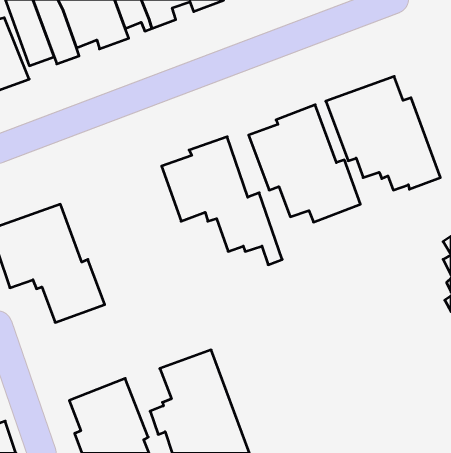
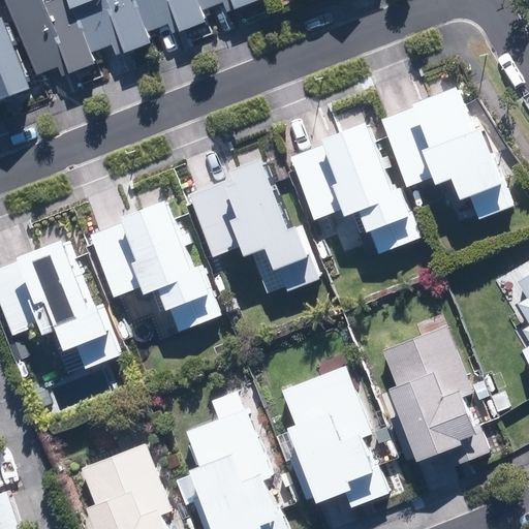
building: none -> [90,185,221,331]
building: none -> [381,313,489,466]
building: none -> [274,363,388,507]

